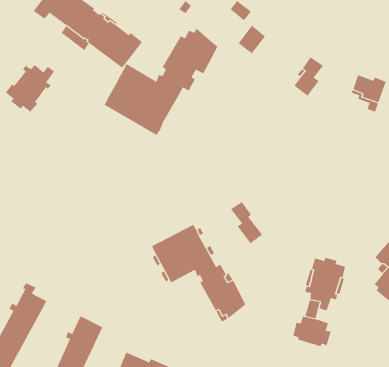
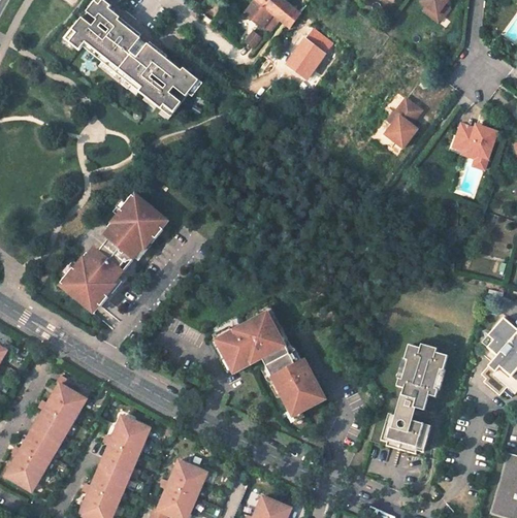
building: [238,25,266,54] -> [290,40,324,76]
building: [104,28,218,136] -> none
building: [5,64,55,112] -> none
building: none -> [61,195,165,310]
building: [230,201,263,244] -> none

